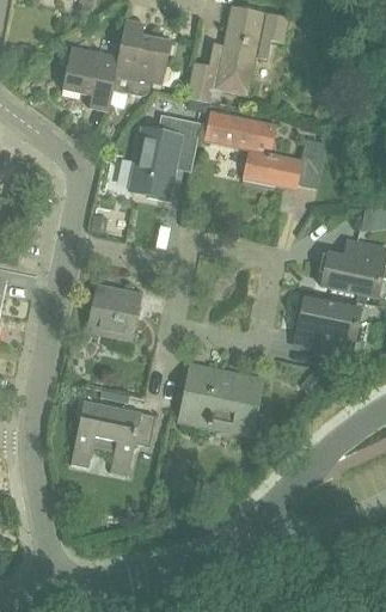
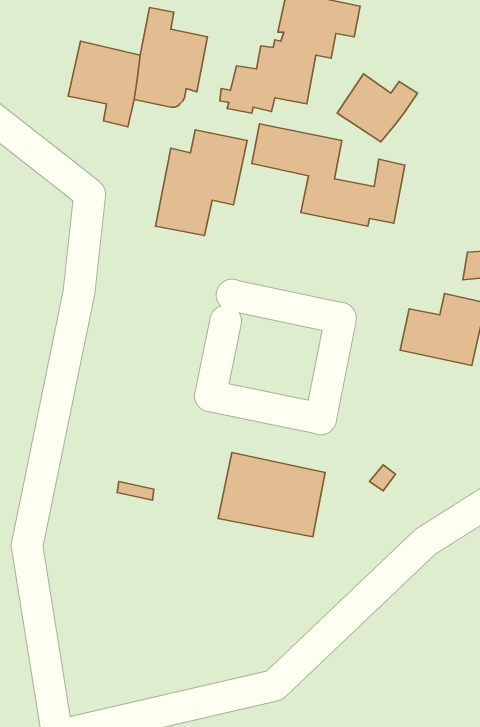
building: none -> [337,74,417,142]
building: [86,284,141,341] -> none
building: [296,296,360,357] -> none
building: [69,400,154,475] -> none

